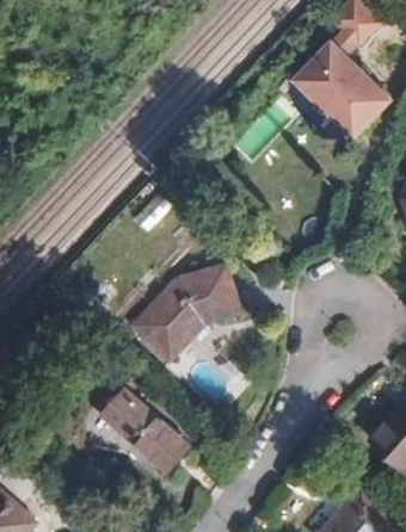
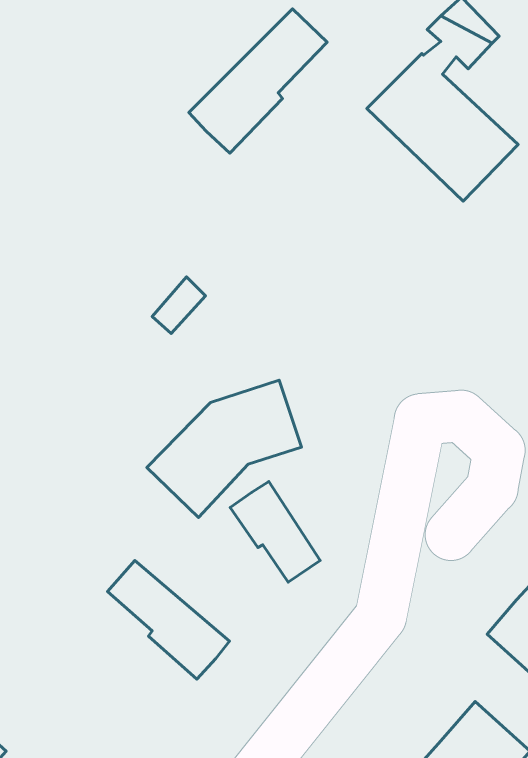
building: none -> [189,9,327,153]
building: none -> [230,481,320,582]

